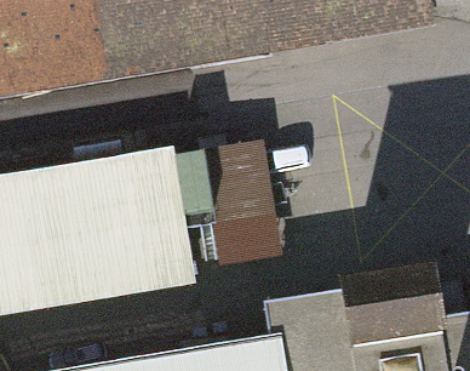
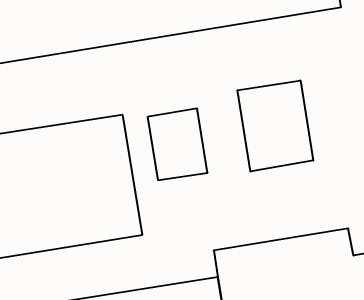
building: none -> [237,80,313,172]

